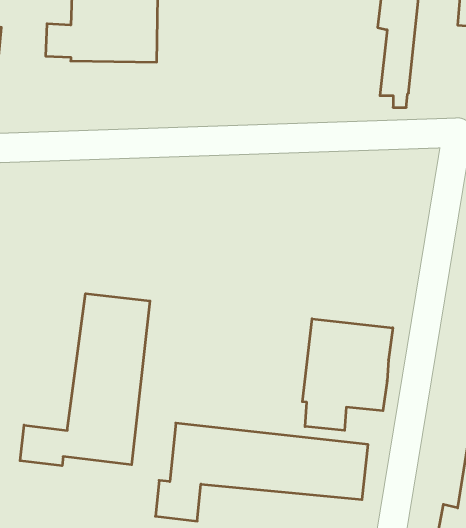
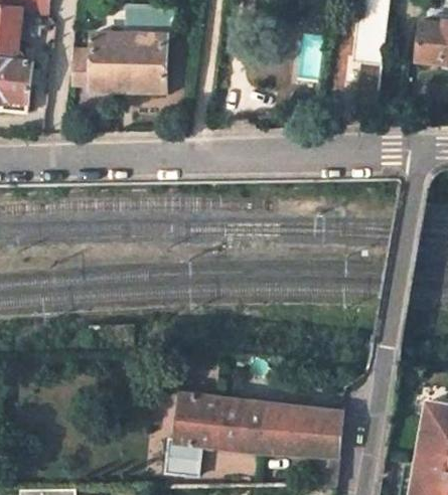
building: [20,294,150,466] -> none
building: [302,319,393,430] -> none

